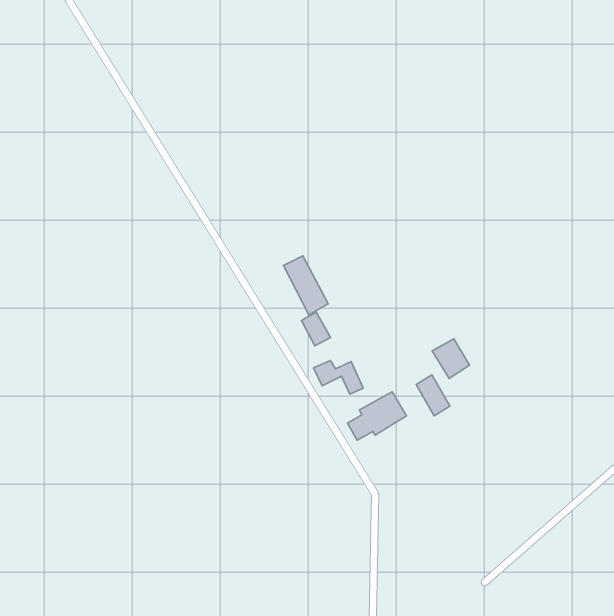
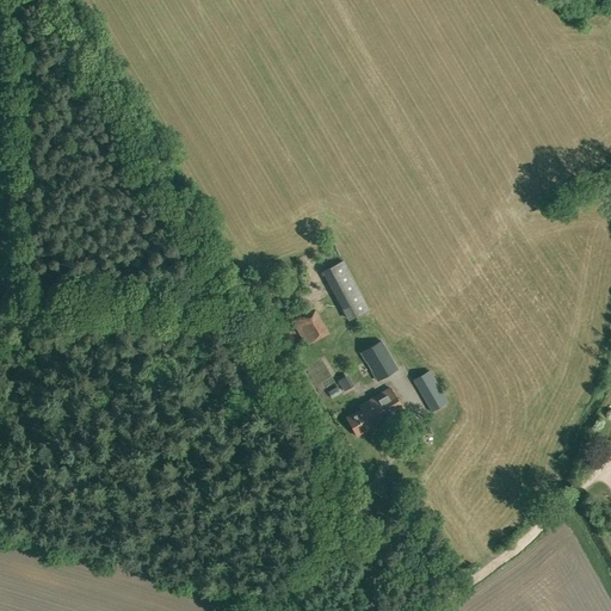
building: [284,256,328,315] -> [322,261,366,320]
building: [432,339,470,378] -> [358,341,395,381]

